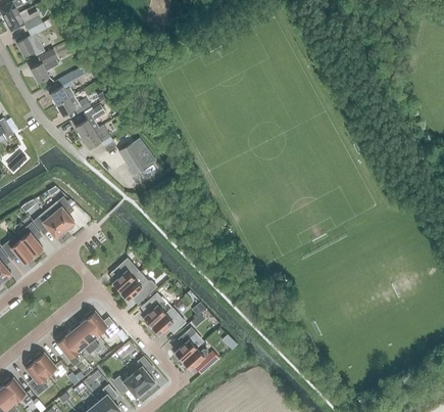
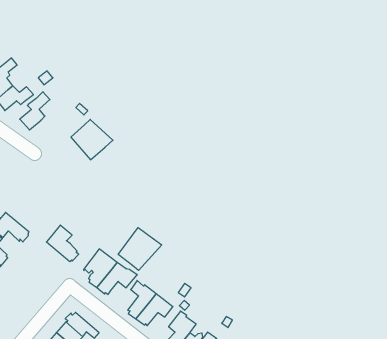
building: [82,128,115,152] -> none
building: [47,196,75,231] -> [46,225,79,261]
building: none -> [118,228,162,270]

